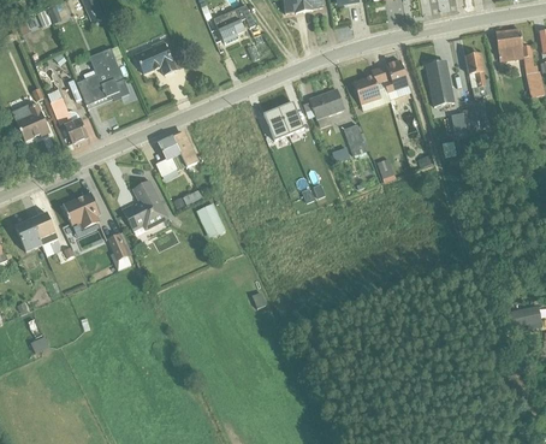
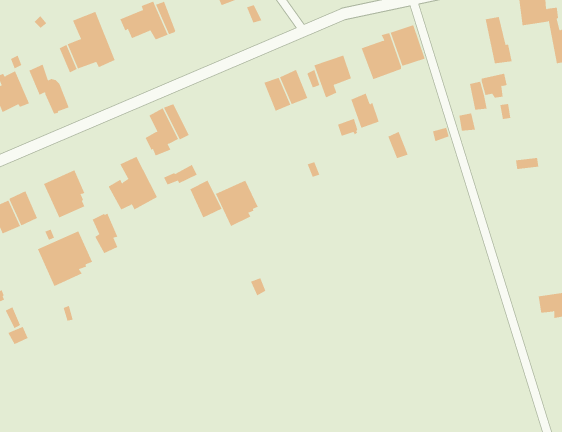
building: [426,61,453,106] -> none
building: none -> [215,180,258,227]
building: none -> [37,231,93,287]

